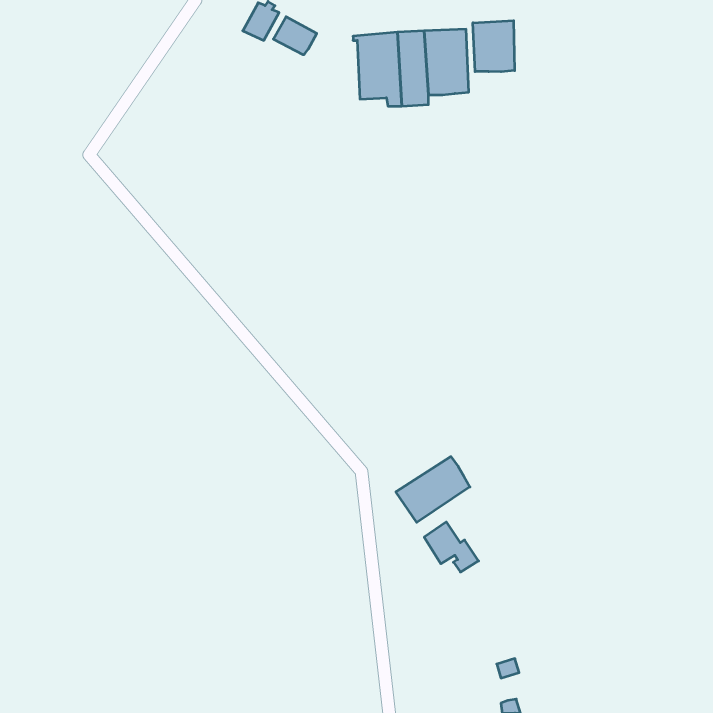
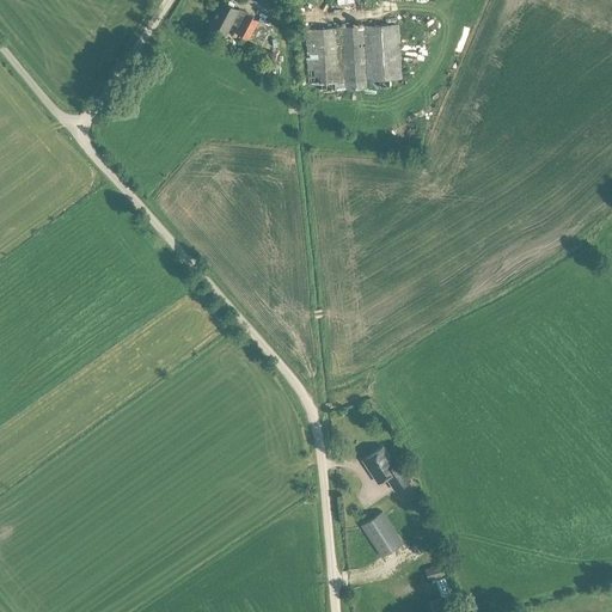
building: [473,21,515,72] -> none
building: [396,457,470,522] -> none
building: none -> [361,512,404,557]

